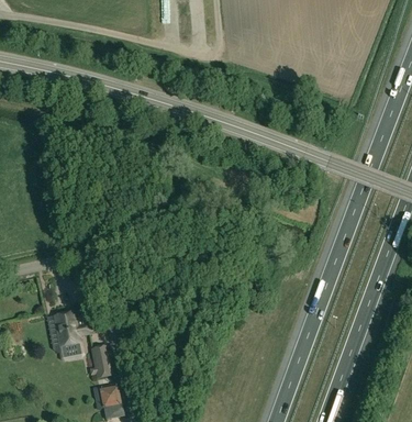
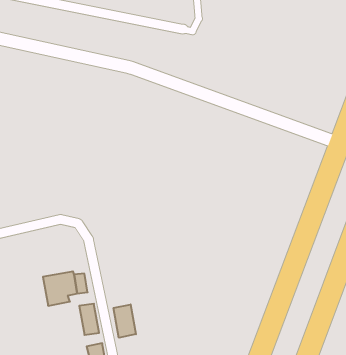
building: none -> [114,304,136,338]

